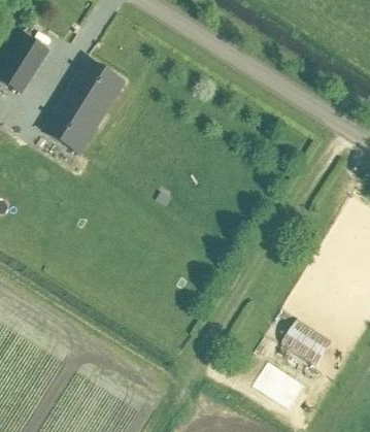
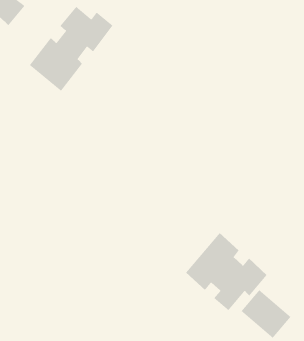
building: none -> [185,232,268,311]

